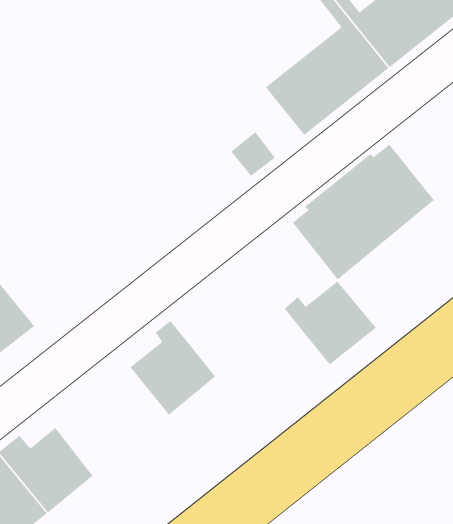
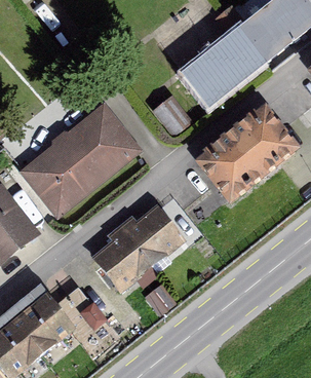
building: none -> [25,106,135,210]
building: [284,281,377,366] -> [121,206,182,262]
building: none -> [66,297,117,351]

